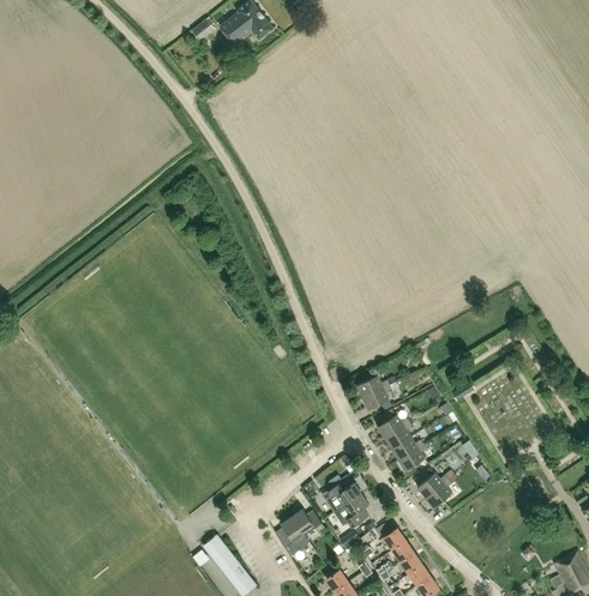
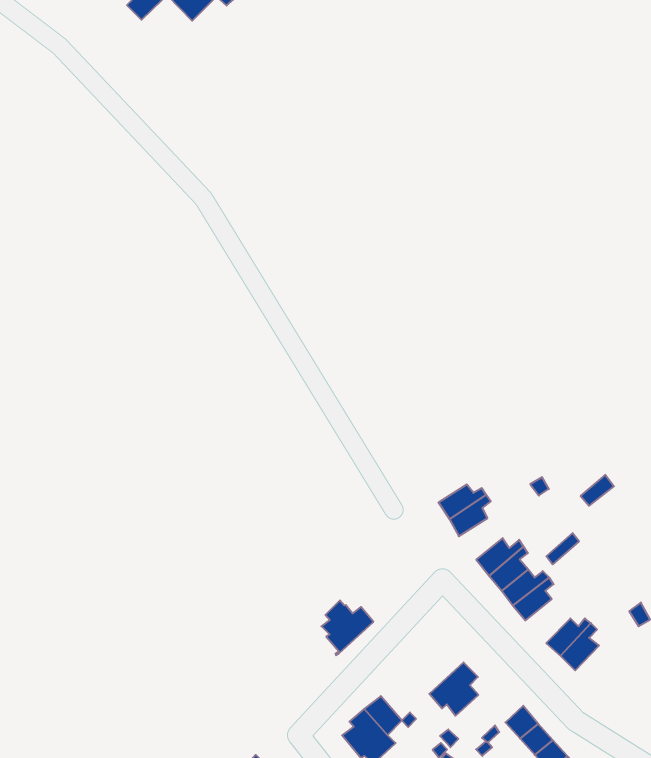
building: [326,477,361,513] -> [321,600,373,655]

